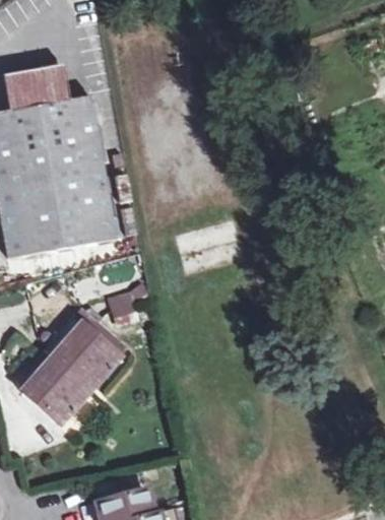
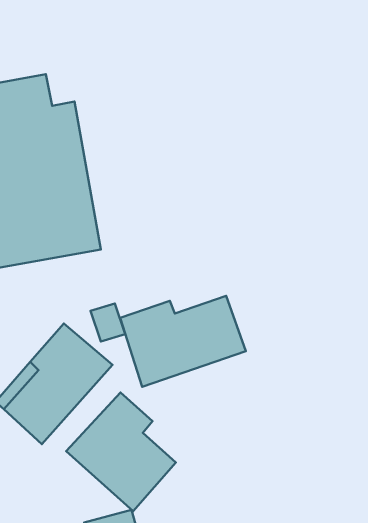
building: none -> [120,296,246,387]
building: none -> [66,392,176,511]

